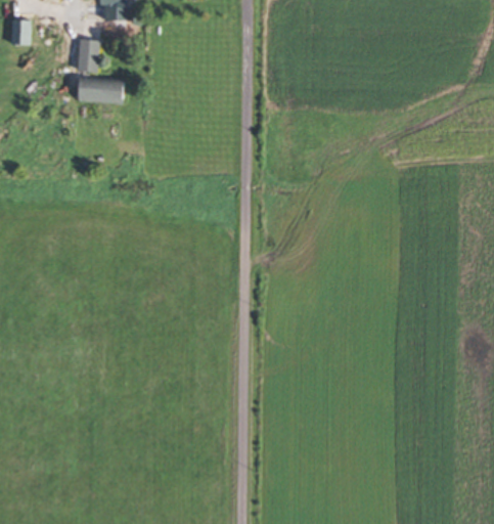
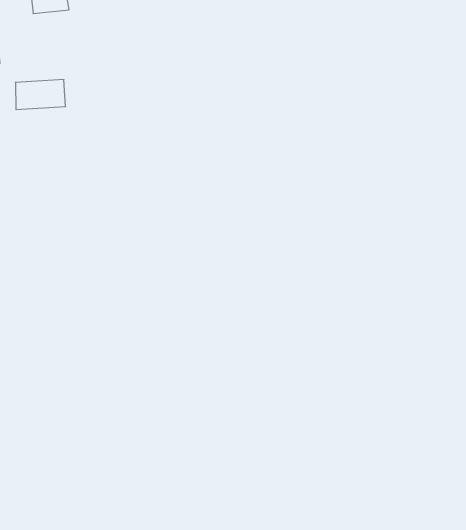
building: [78,39,98,72] -> none

